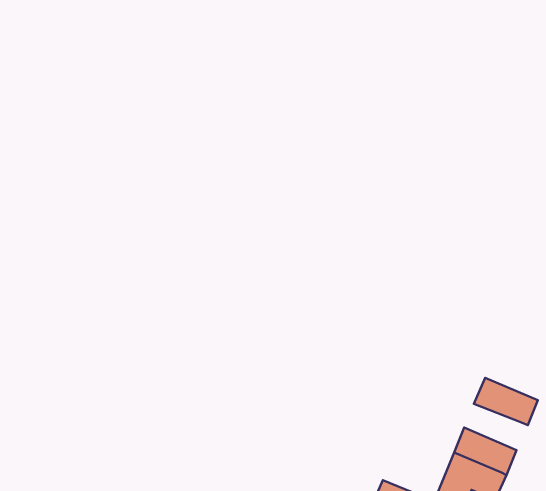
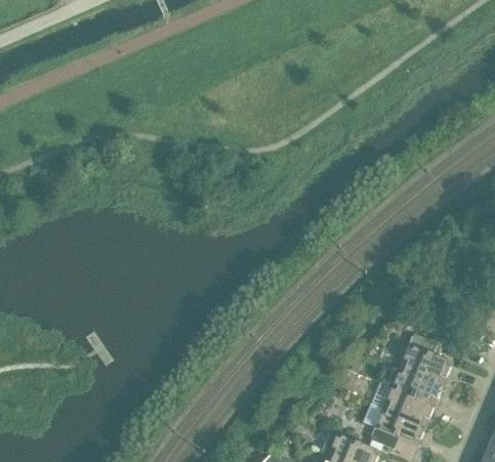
building: none -> [391,366,444,404]

